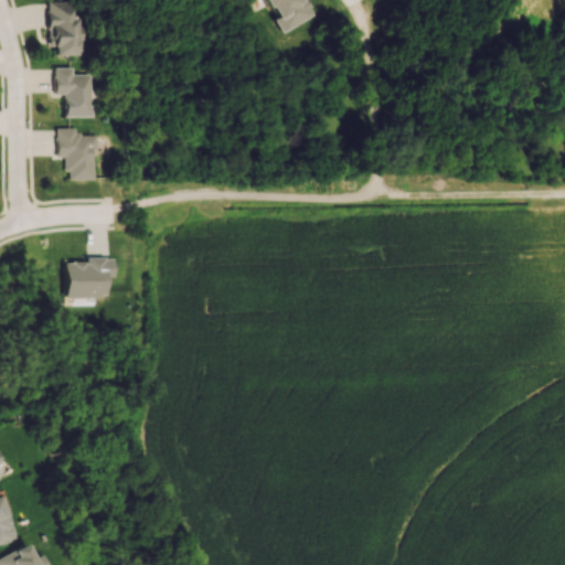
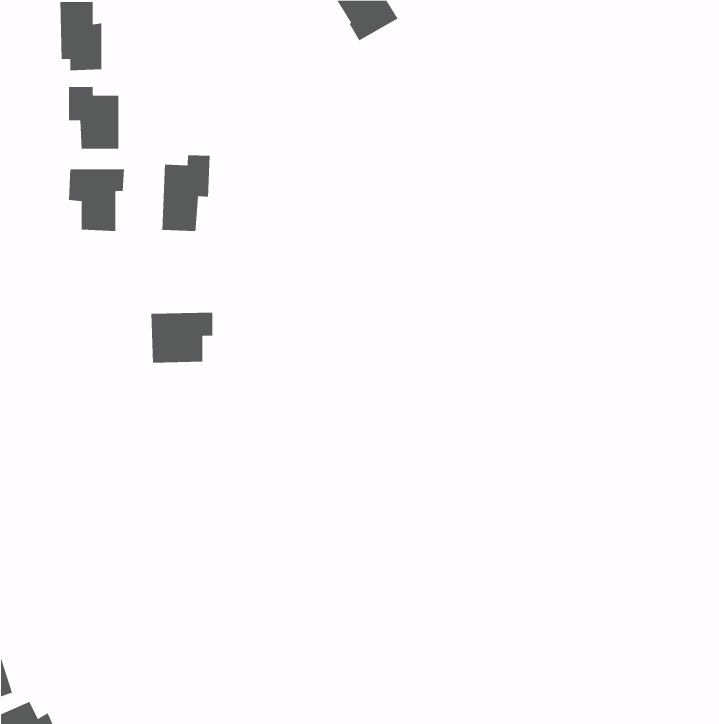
building: none -> [162,154,210,232]
building: [63,259,111,299] -> [151,312,213,363]

